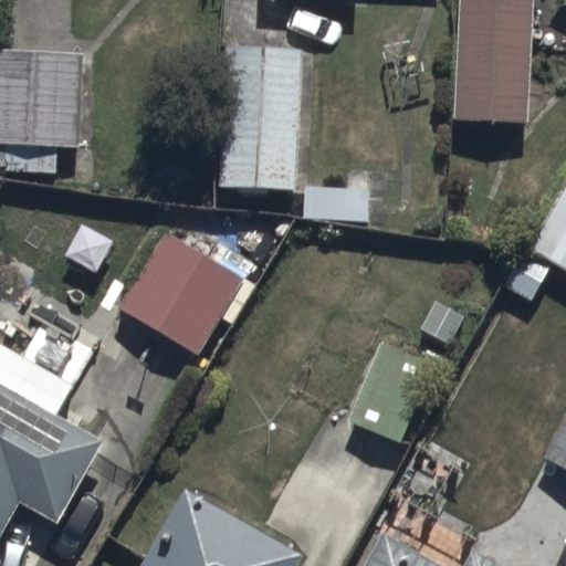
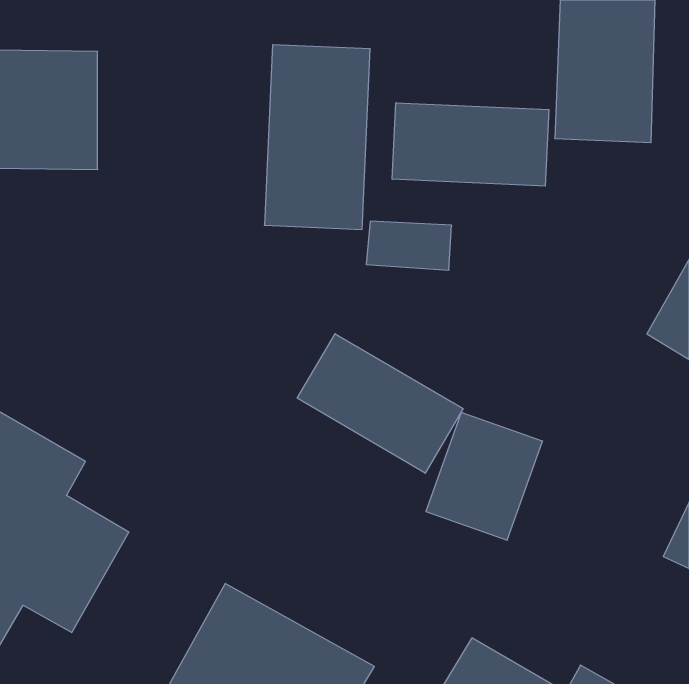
building: none -> [392,103,549,186]
building: [118,233,242,358] -> none
building: none -> [297,334,463,473]

